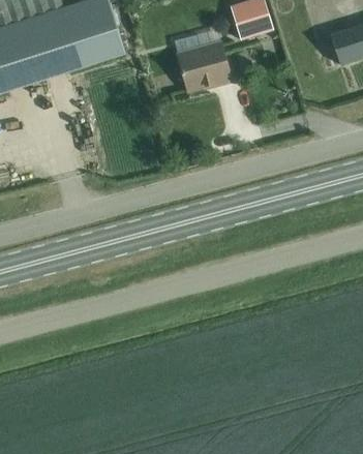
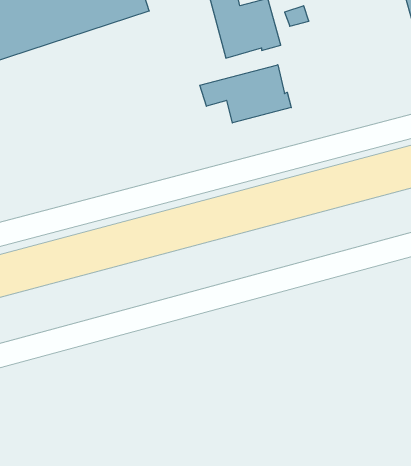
building: none -> [200,65,291,123]

